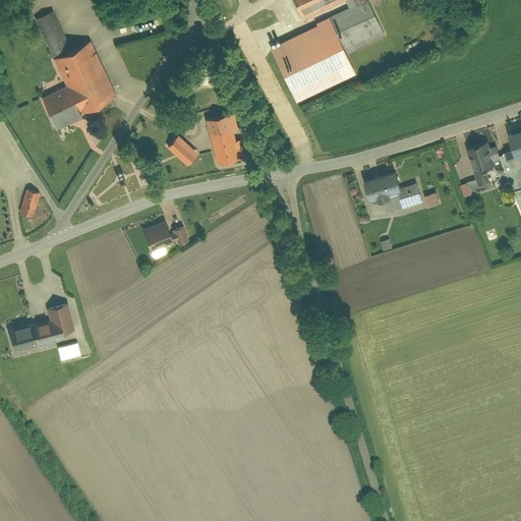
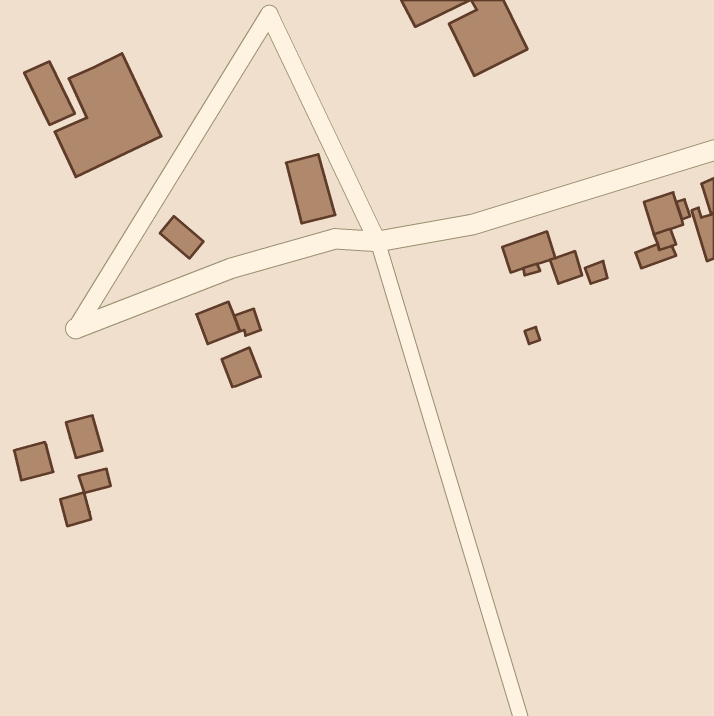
building: [32,12,68,58] -> [24,62,75,125]
building: [268,22,353,104] -> none
building: [167,134,198,165] -> [160,216,203,258]
building: [19,186,41,215] -> none
building: none -> [222,348,261,387]
building: [34,319,56,343] -> [60,492,91,526]

